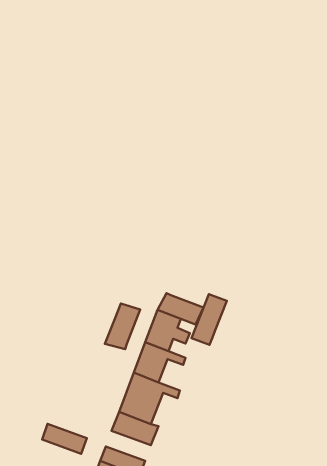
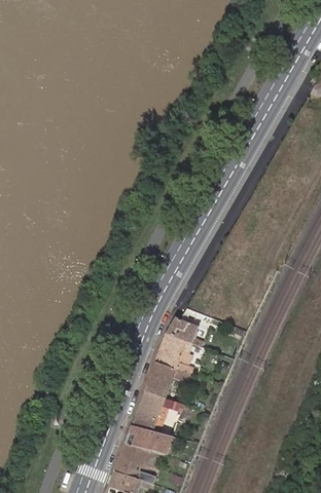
building: [191,294,227,345] -> none
building: [105,304,140,349] -> none
building: [42,424,87,454] -> [117,443,158,470]

